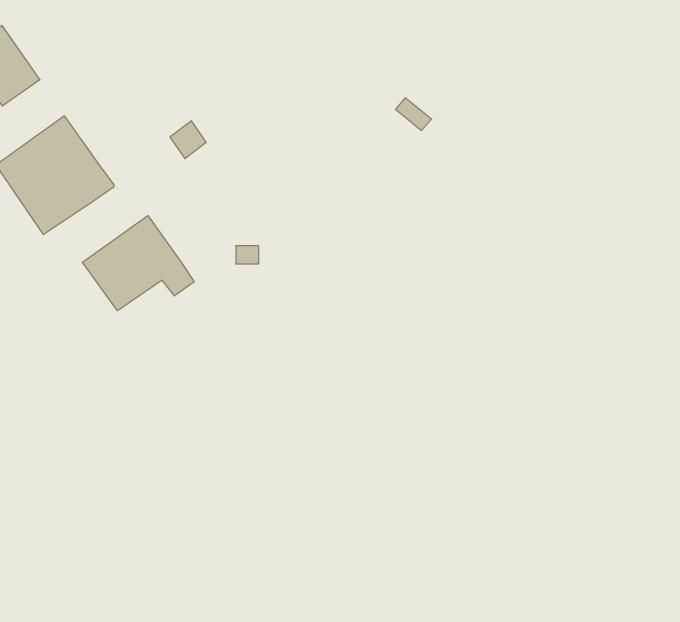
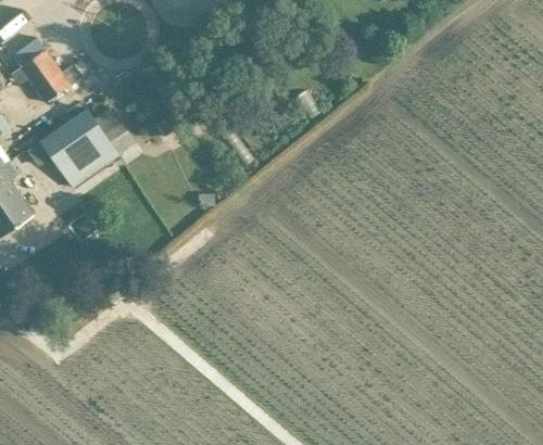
building: [83,216,194,311] -> none

